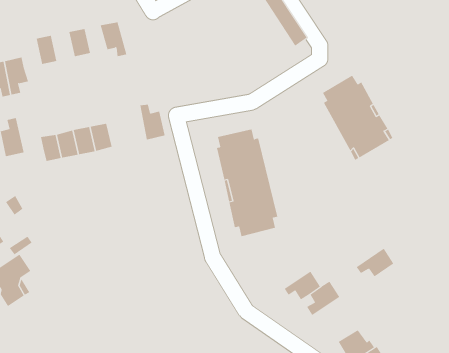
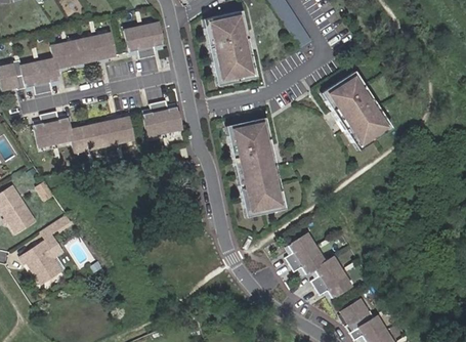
building: none -> [205,14,255,89]
building: none -> [141,22,164,54]
building: none -> [81,34,101,60]
building: none -> [51,40,72,67]
building: none -> [146,100,167,136]
building: none -> [49,110,73,143]
building: [356,248,394,277] -> [317,274,352,301]
building: none -> [287,238,316,267]

